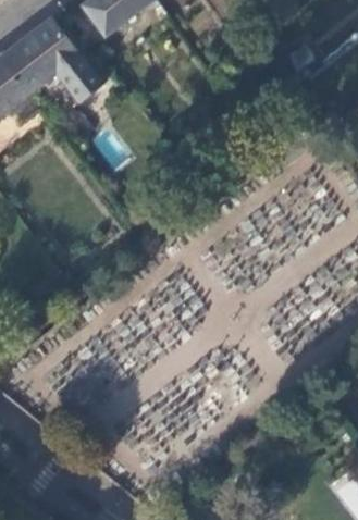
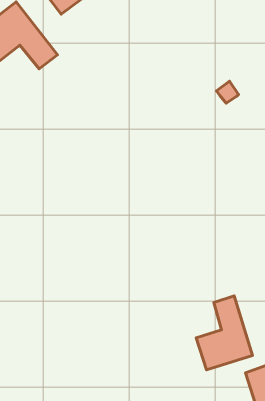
building: none -> [196,296,252,370]

